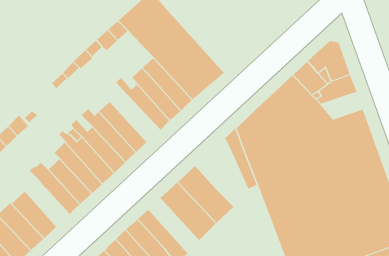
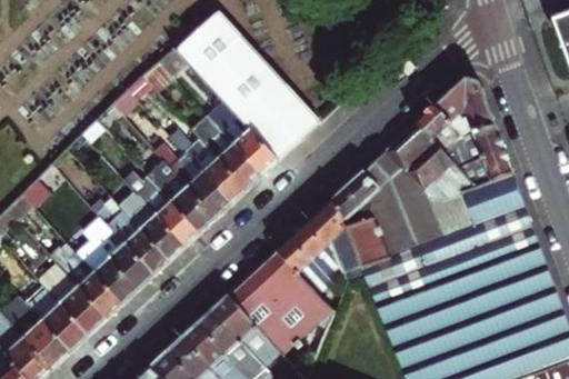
building: none -> [150,142,230,218]
building: none -> [452,148,511,186]
building: none -> [278,211,338,281]
building: none -> [40,267,104,335]
building: none -> [213,295,280,366]

